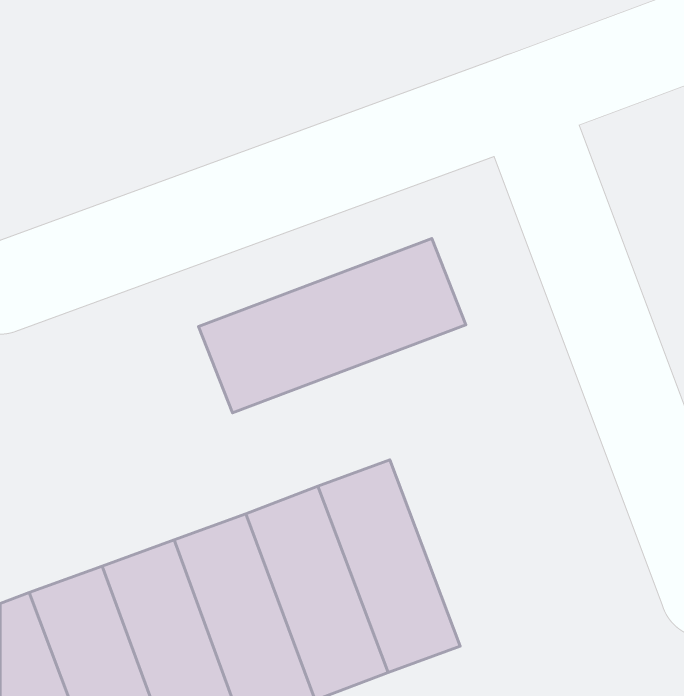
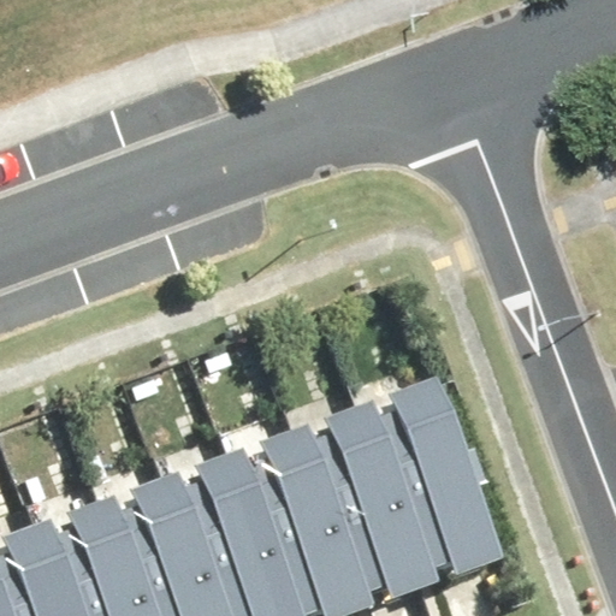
building: [199,238,466,413] -> none
building: none -> [359,386,482,571]

